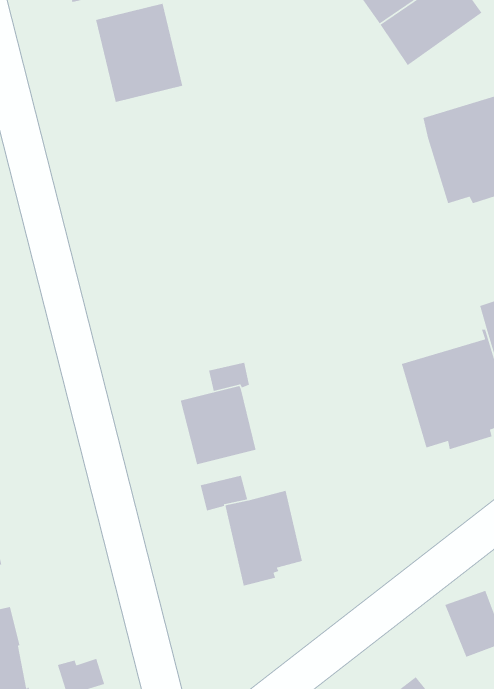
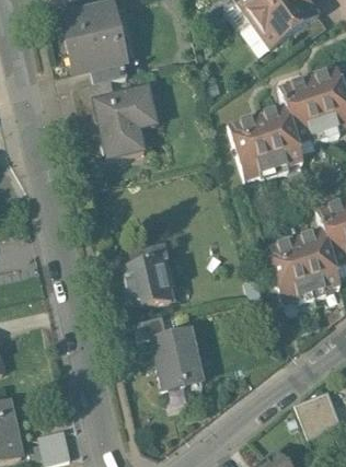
building: none -> [82,82,155,159]
building: none -> [230,96,305,176]

